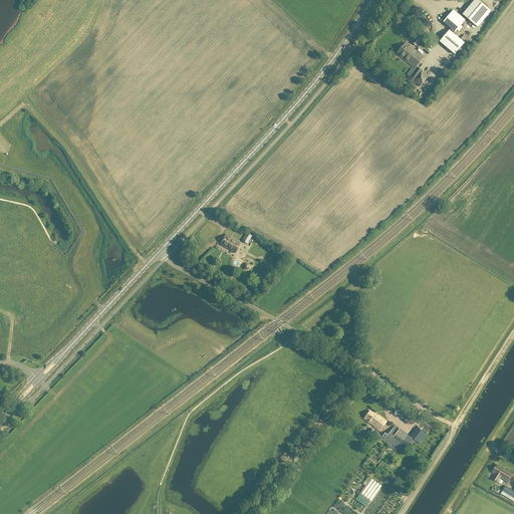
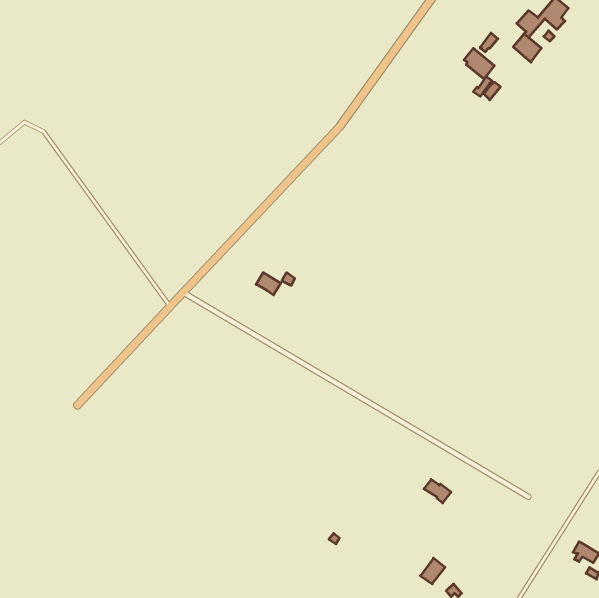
building: [379,424,412,453] -> none

